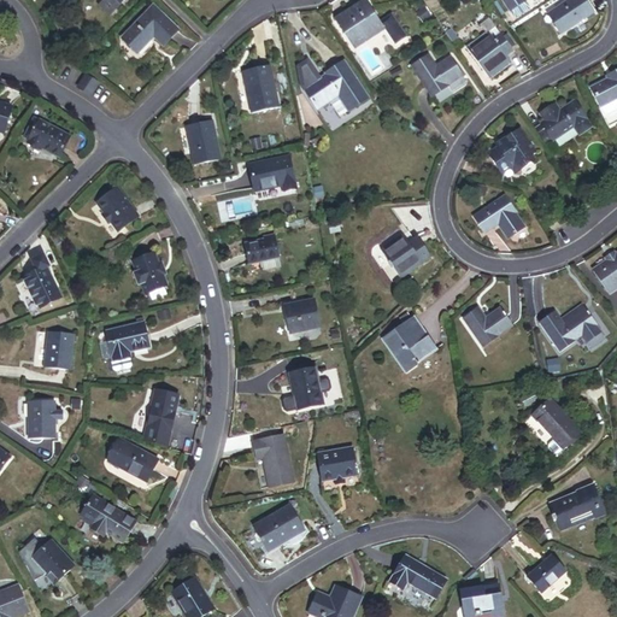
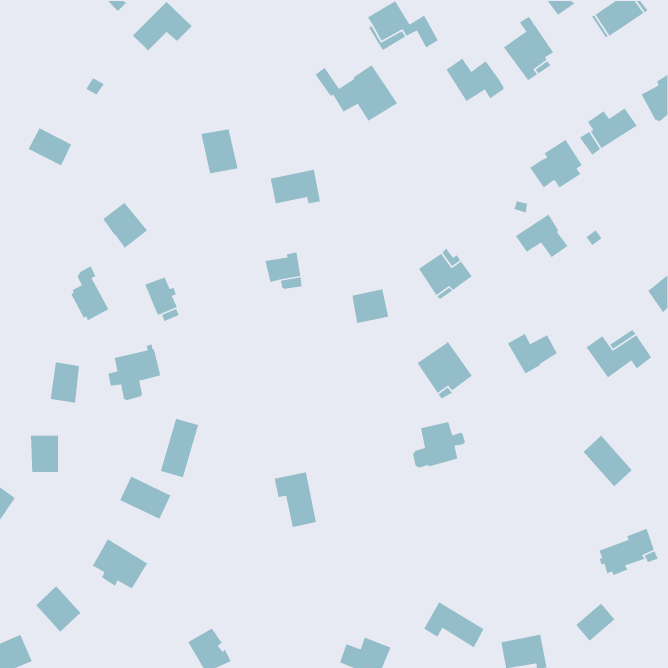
building: [243,64,280,112] -> none
building: [23,254,59,306] -> [70,265,110,321]
building: [284,299,319,331] -> [351,288,389,324]
building: [281,366,330,410] -> [412,421,466,468]
building: [319,448,357,481] -> none
building: [255,506,305,552] -> none

